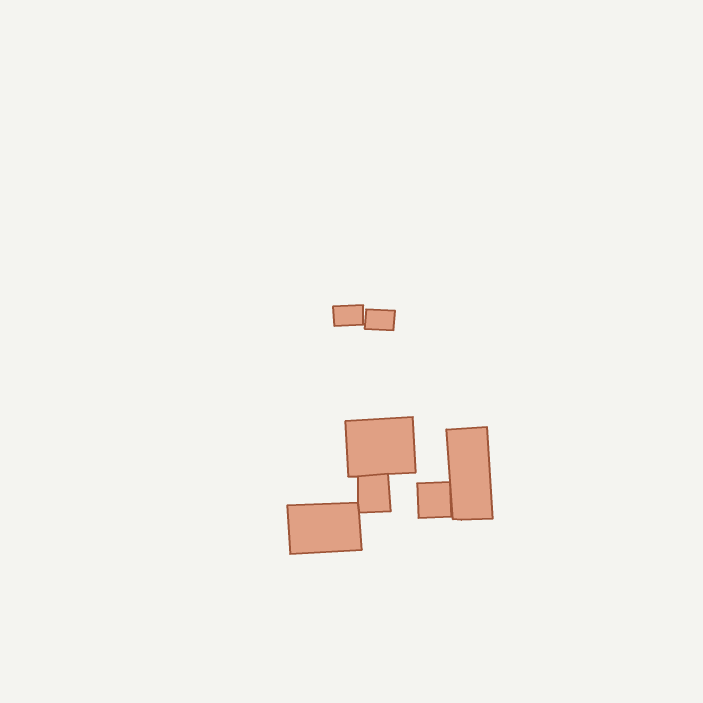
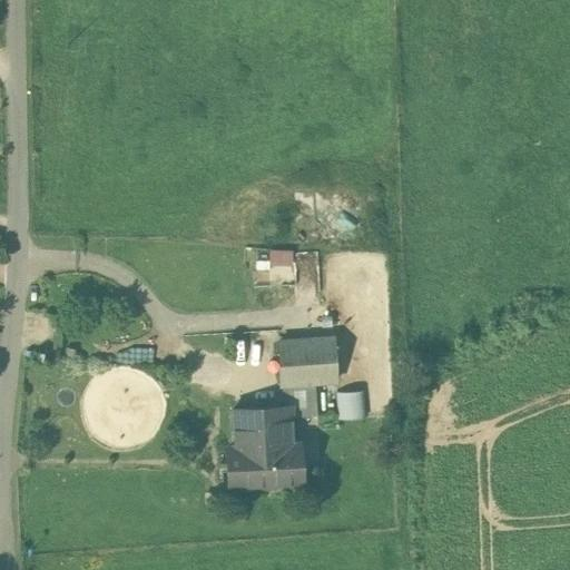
building: [446,427,493,520] -> none
building: none -> [229,445,303,487]

